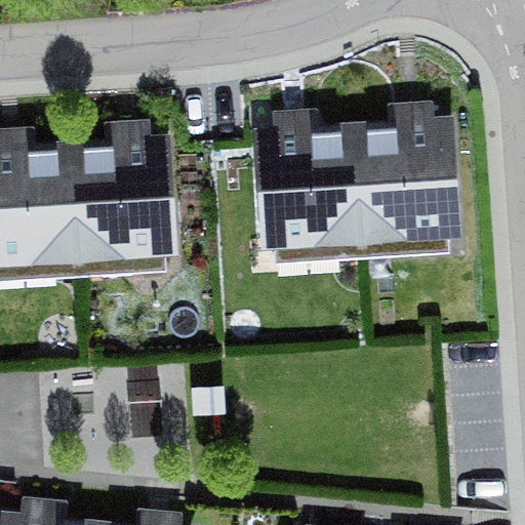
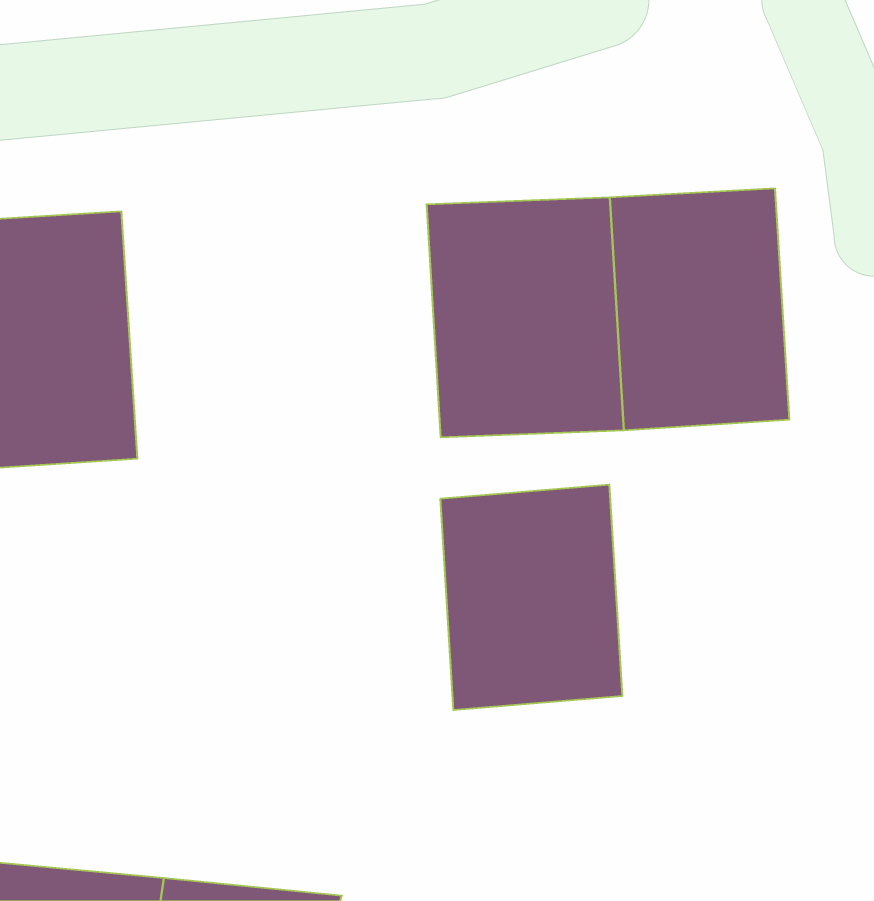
building: [71,117,184,267] -> none
building: none -> [441,485,622,710]

